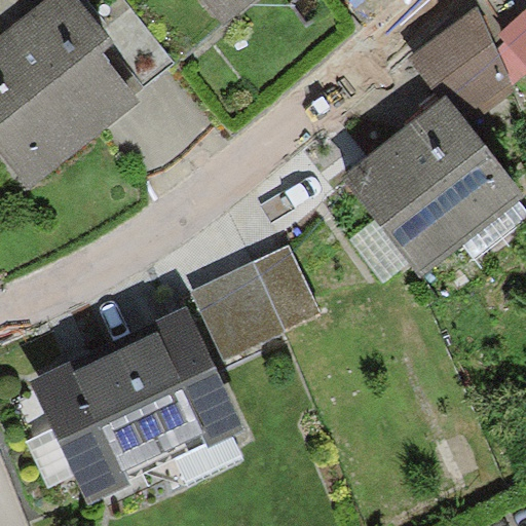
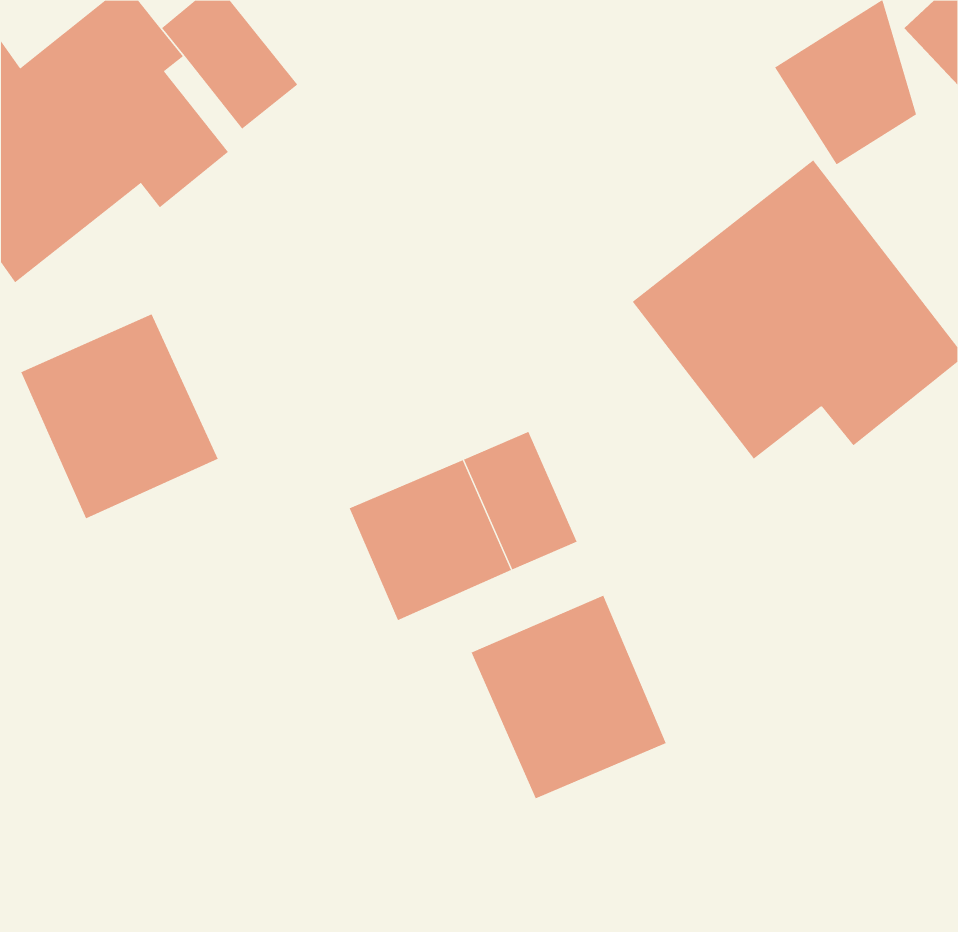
building: none -> [21,314,219,519]
building: [37,327,227,491] -> none
building: none -> [471,595,667,799]

